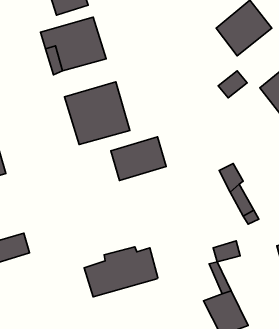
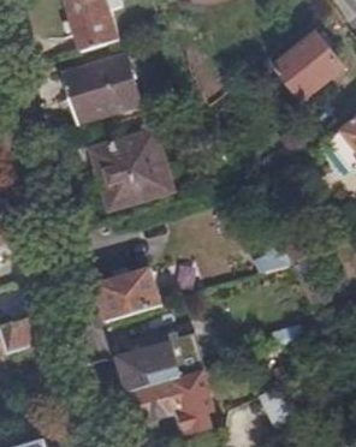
building: [111,137,166,181] -> [93,267,160,320]
building: none -> [125,369,212,423]

